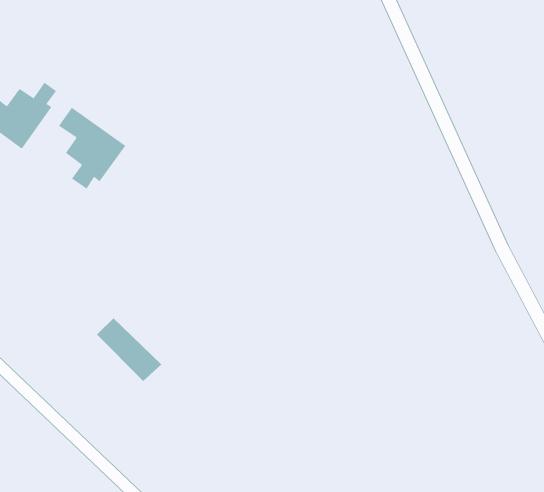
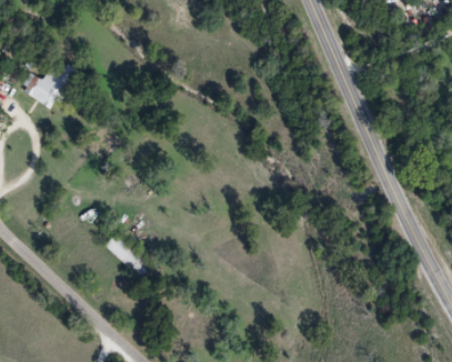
building: [58,107,126,189] -> none

